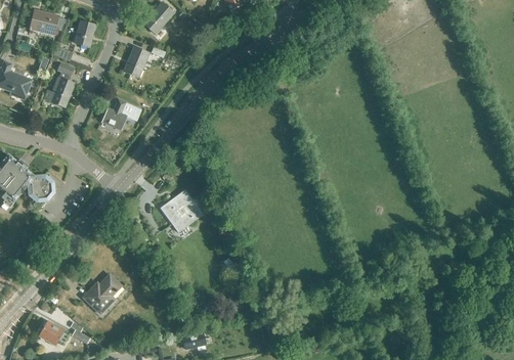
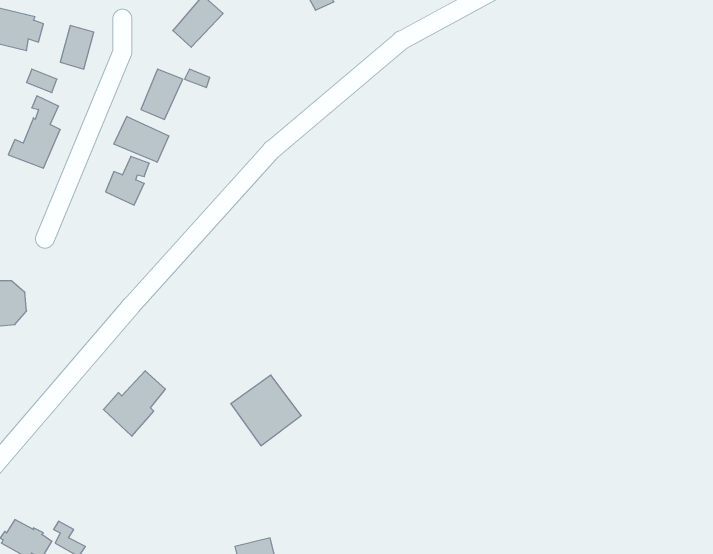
building: none -> [114,116,169,162]
building: [160,190,203,233] -> [231,375,301,446]
building: [83,274,121,314] -> [103,371,165,436]

